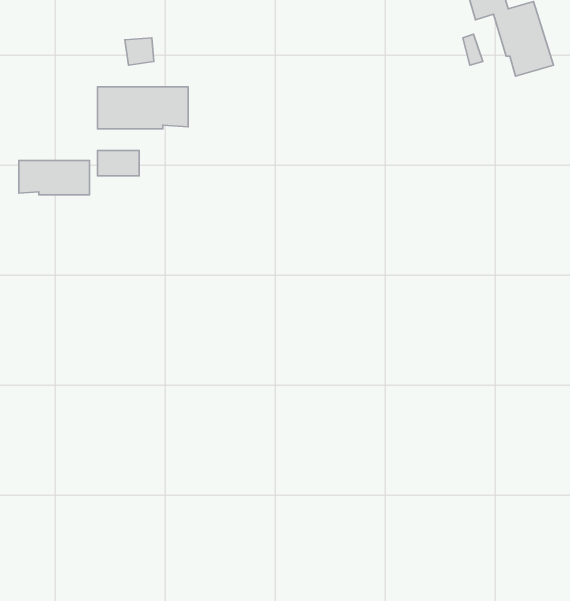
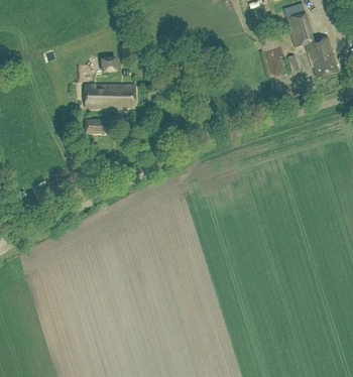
building: [19,161,90,195] -> none

